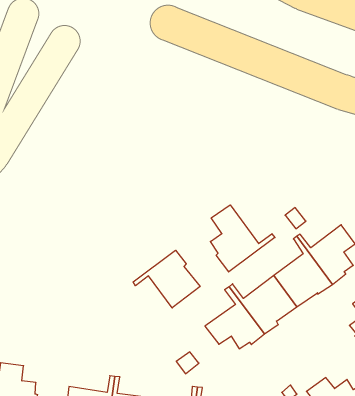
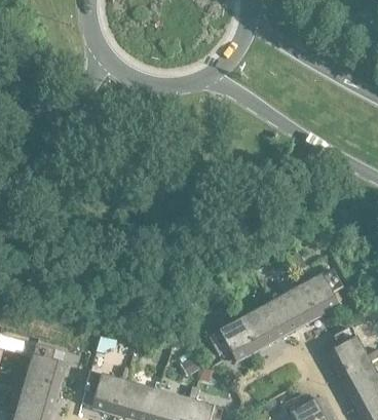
building: [210,205,275,272] -> none
building: [133,250,200,308] -> none

